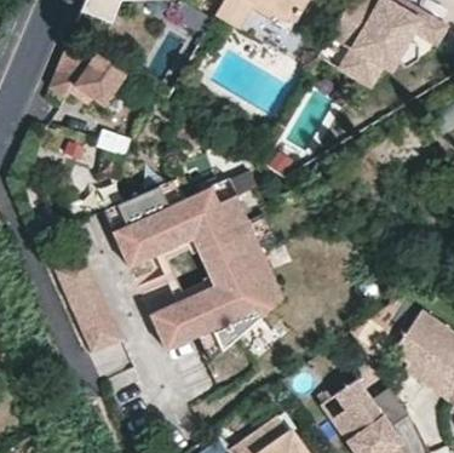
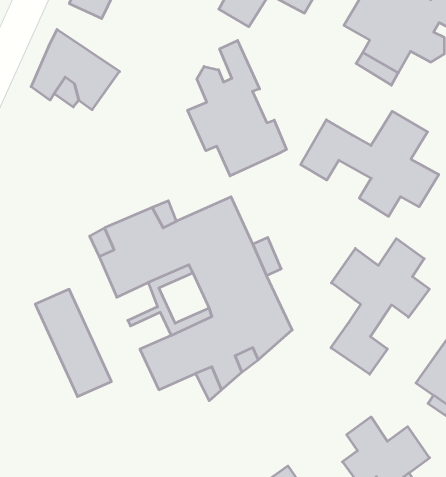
building: none -> [188,40,286,176]
building: none -> [301,111,439,216]
building: none -> [331,239,429,374]

